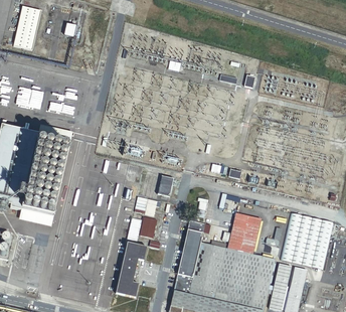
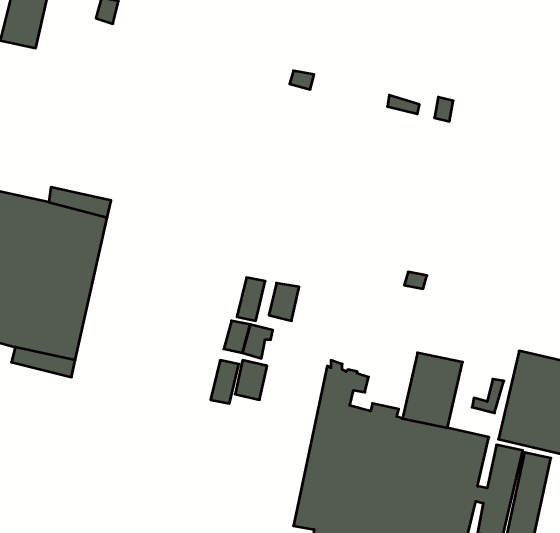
building: [115,241,146,296] -> none

